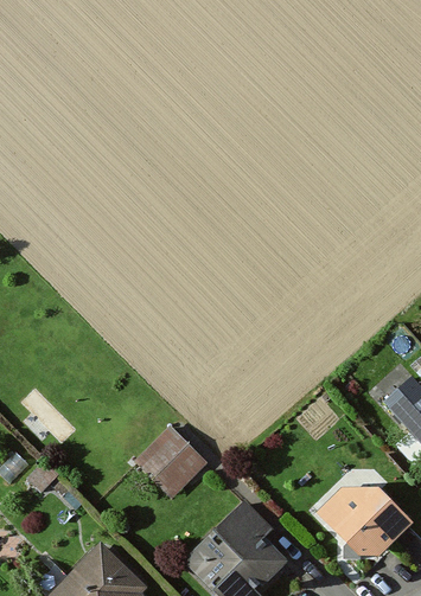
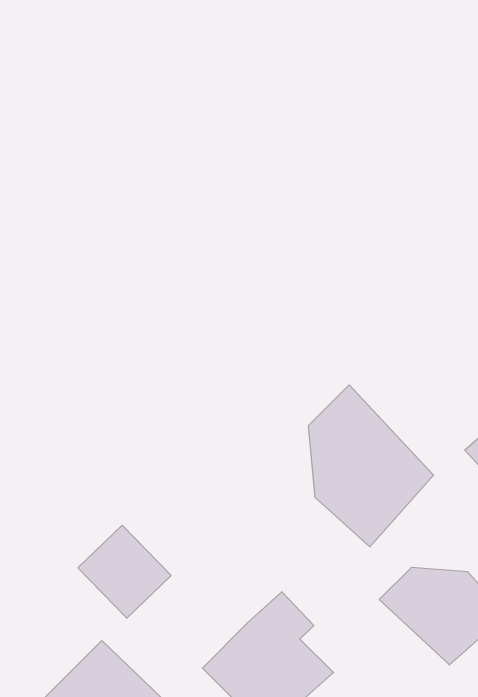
building: none -> [309,385,434,547]
building: [130,425,203,498] -> [78,525,171,618]

